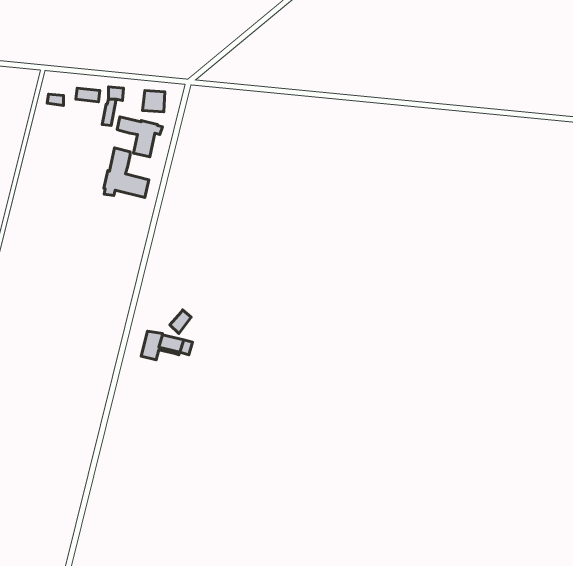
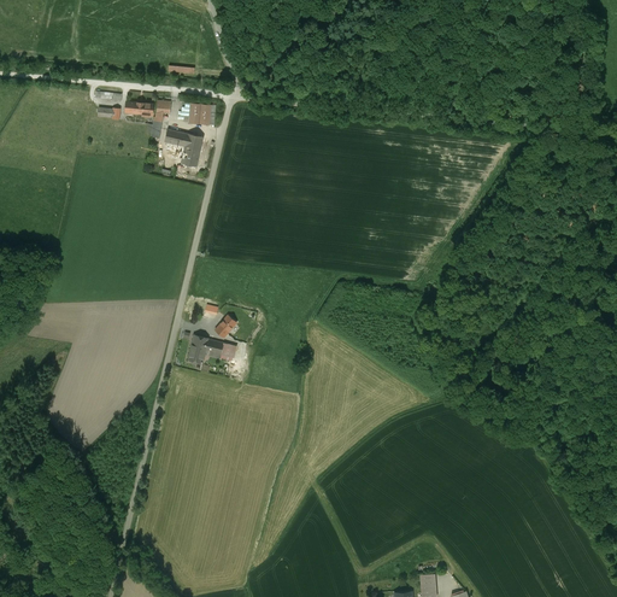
building: [104,148,149,197] -> none

